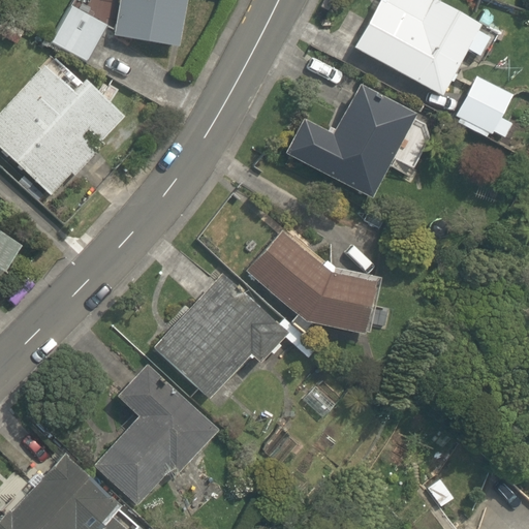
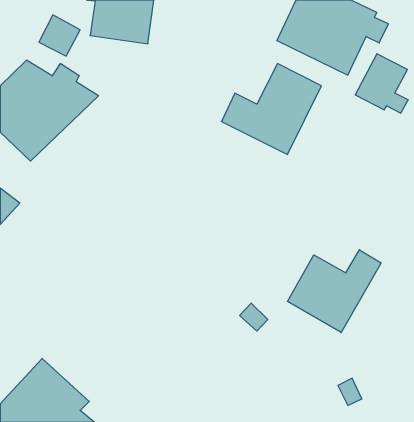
building: [245,229,366,332] -> none
building: [152,272,282,395] -> none
building: none -> [287,250,381,333]
building: [96,360,219,499] -> none

